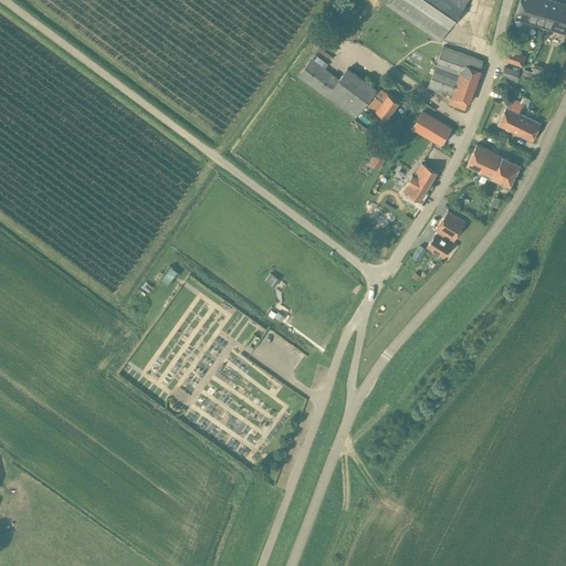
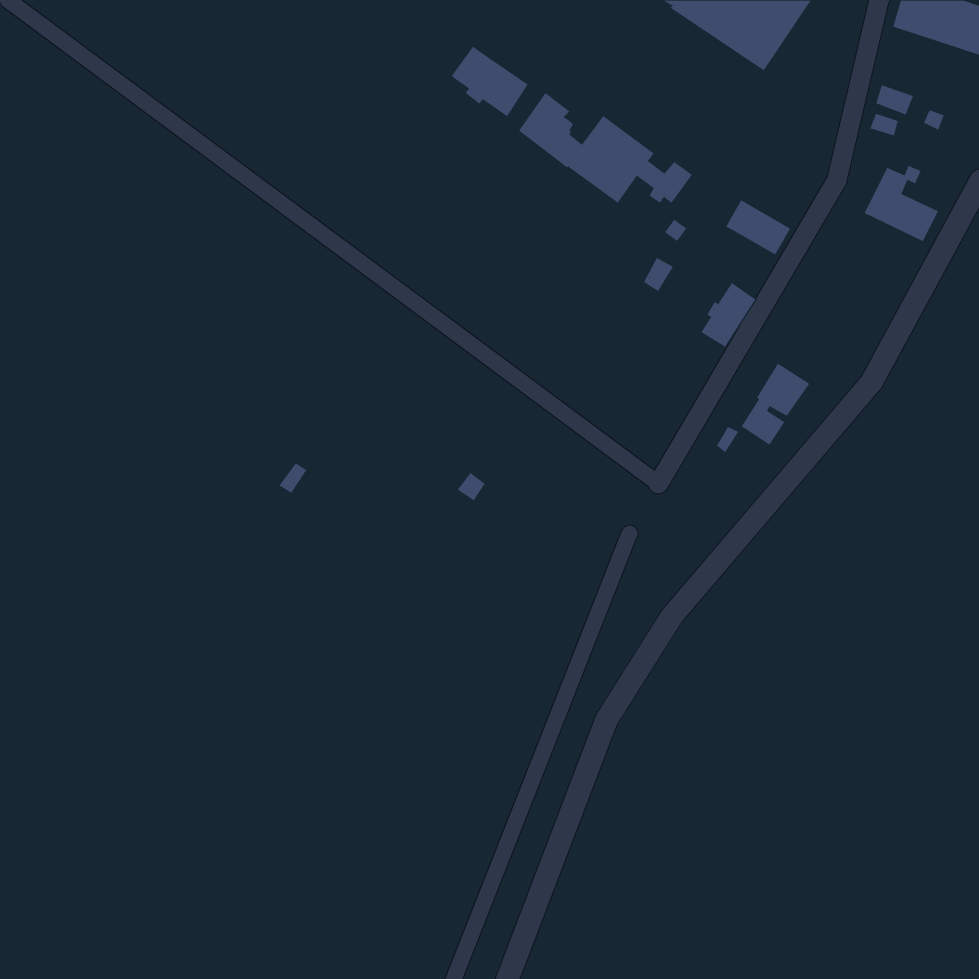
building: none -> [451,46,529,117]
building: [430,45,484,109] -> none
building: [468,144,521,186] -> none

